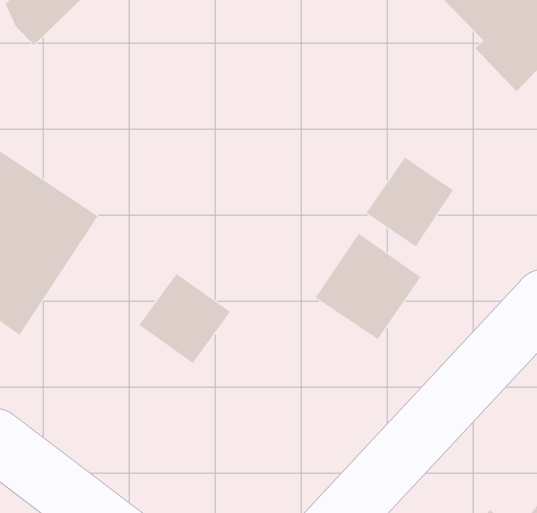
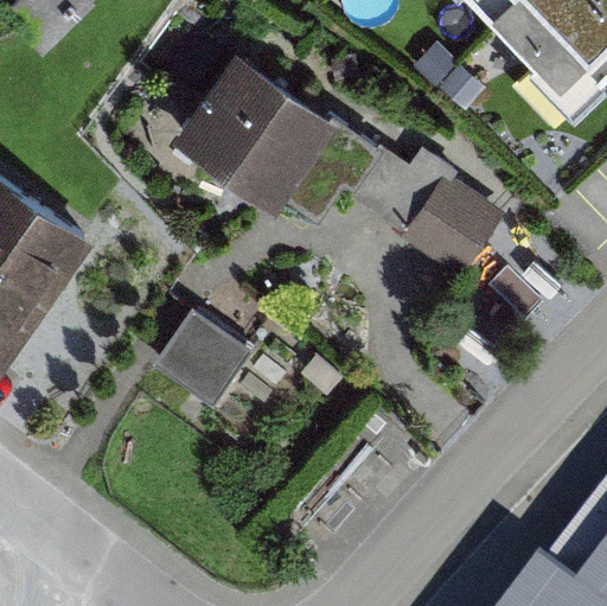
building: none -> [171,60,330,213]
building: [315,233,421,340] -> none

